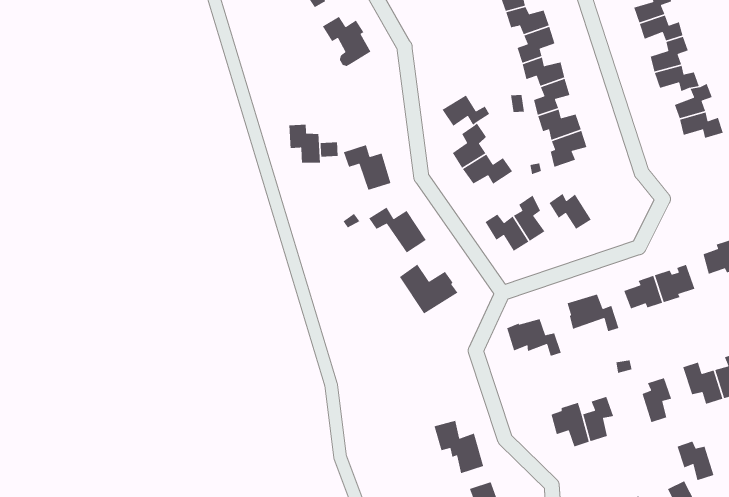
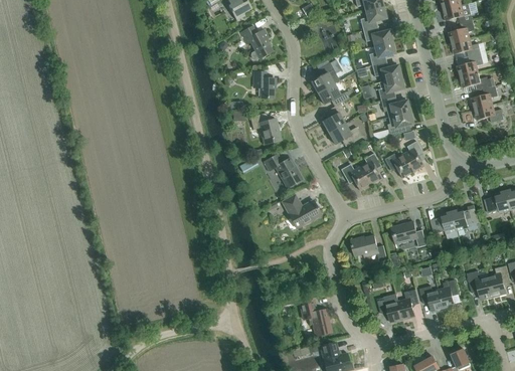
building: none -> [311,63,339,92]
building: [288,124,321,164] -> [253,71,274,99]
building: none -> [402,141,423,172]
building: [677,441,715,481] -> [419,286,444,313]

